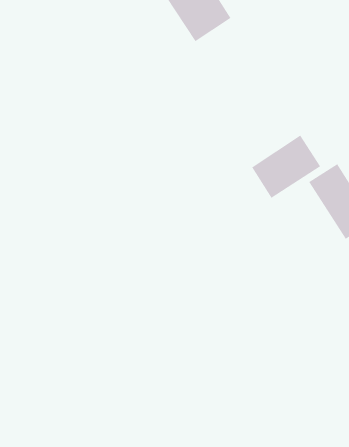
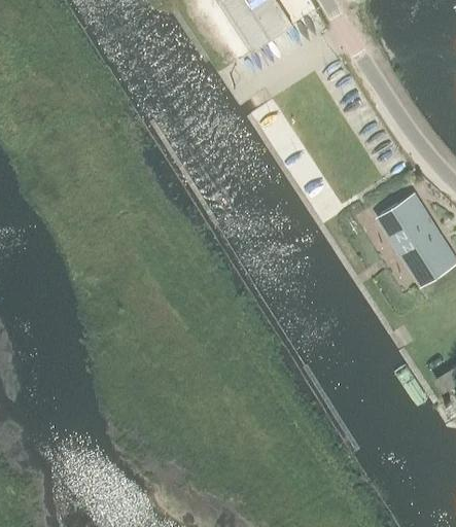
building: [251,134,321,199] -> none

